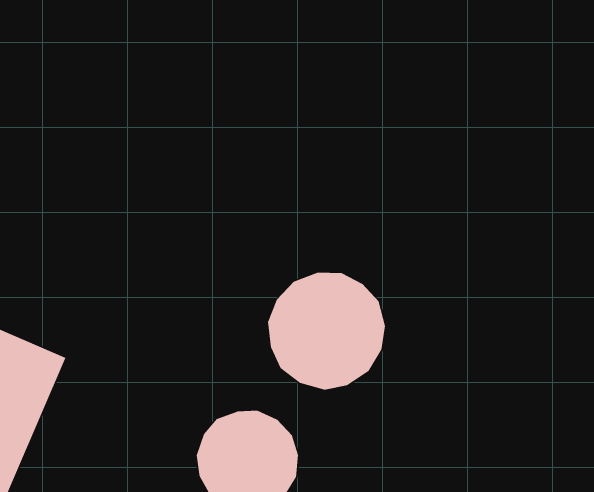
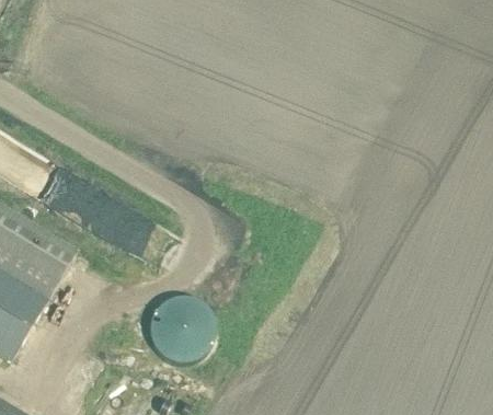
building: [267,272,386,390] -> none

